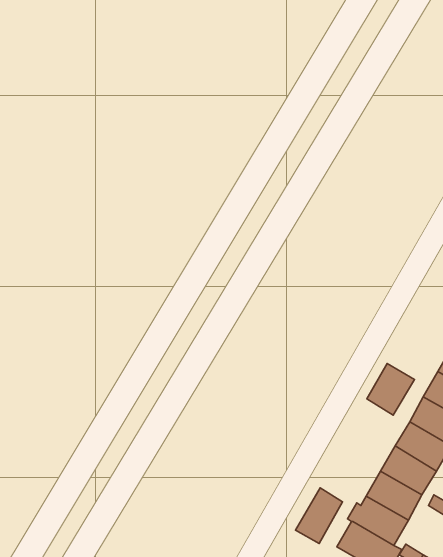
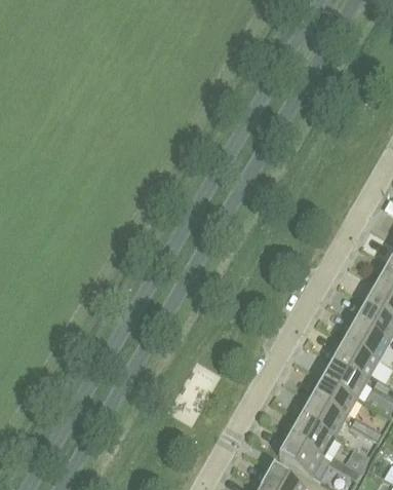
building: [367,364,415,415] -> none
building: [296,488,343,543] -> none

